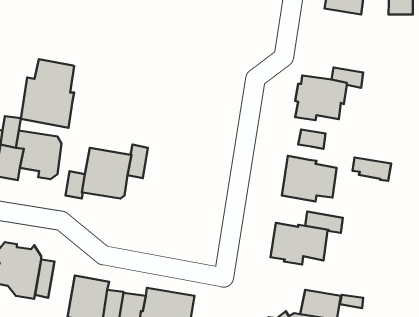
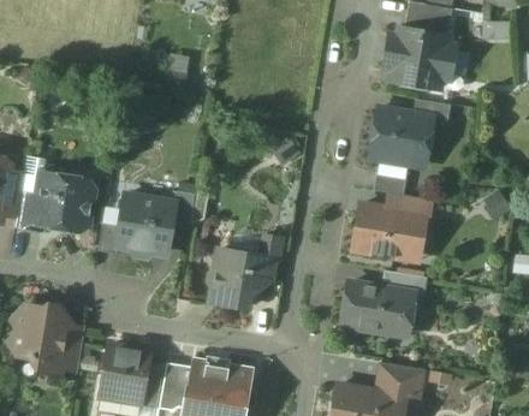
building: none -> [385,29,453,89]
building: [21,59,74,128] -> none
building: [353,157,391,181] -> [386,194,432,221]
building: none -> [208,237,280,309]

